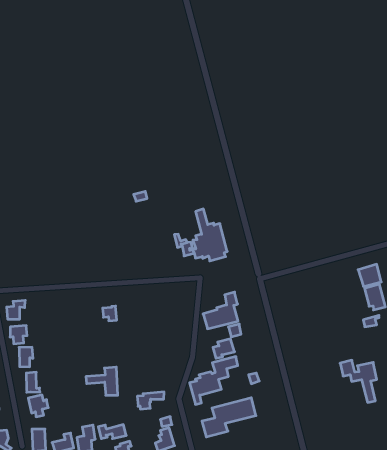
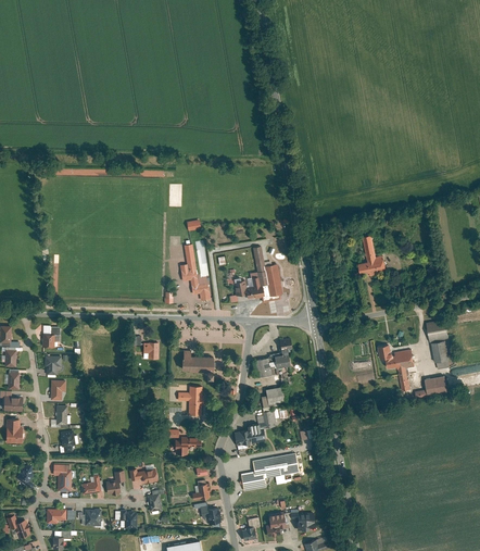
building: none -> [357,235,386,277]
building: none -> [180,242,211,300]
building: none -> [184,351,215,376]
building: [340,360,377,402] -> [376,345,414,391]
building: [86,367,118,395] -> [168,387,202,417]

